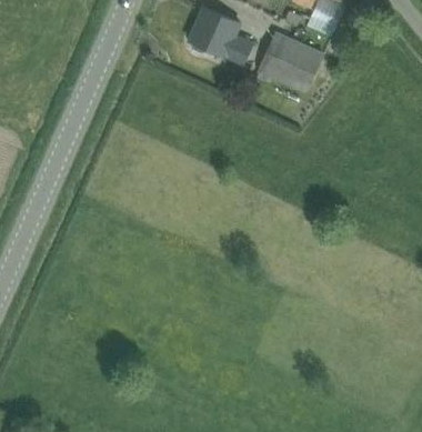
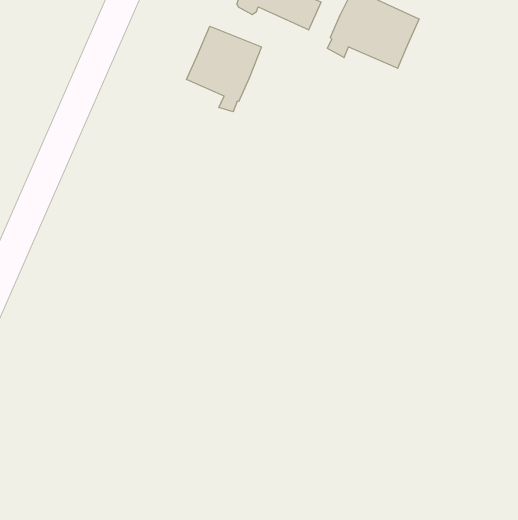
building: none -> [187,26,261,112]

